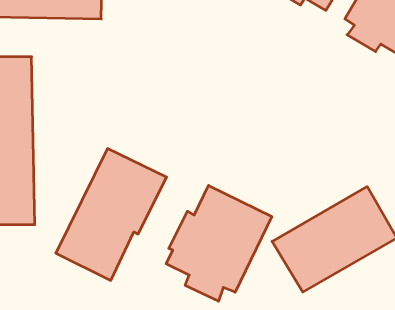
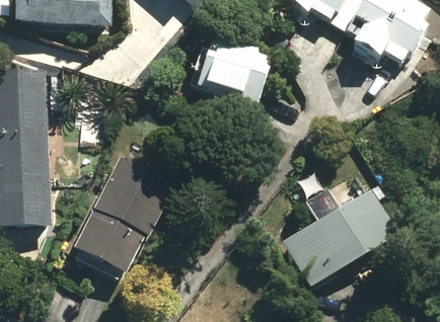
building: none -> [192,36,272,107]
building: [166,185,272,301] -> none

